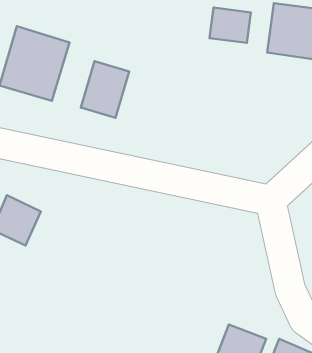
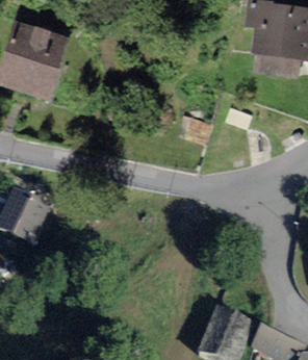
building: [209,8,251,43] -> none
building: [81,61,129,118] -> none

